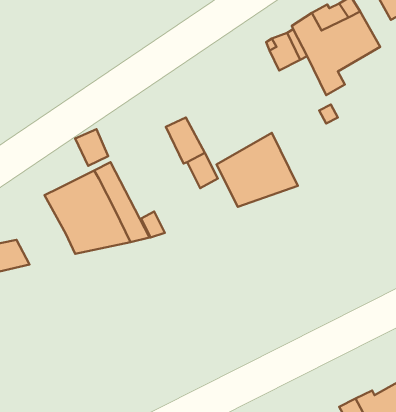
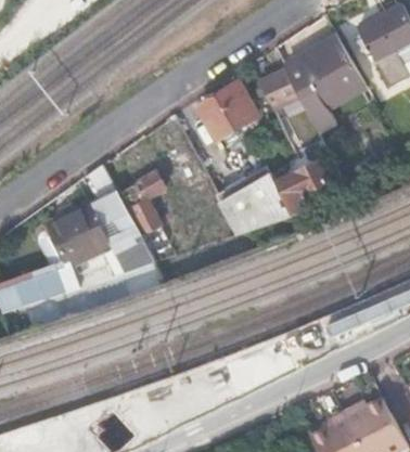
building: none -> [200,83,258,140]
building: none -> [271,164,328,216]
building: none -> [121,175,164,234]
building: none -> [30,224,85,288]

